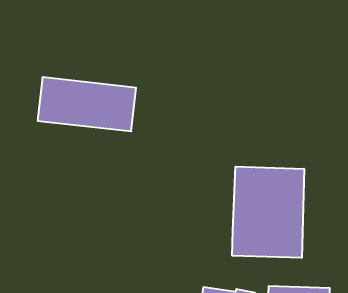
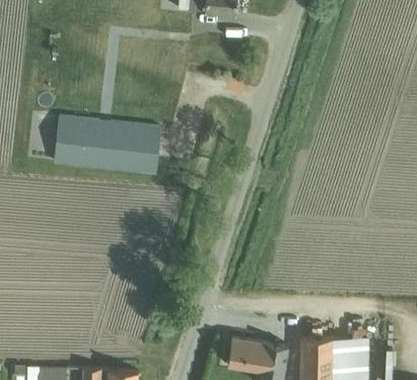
building: [232,167,304,258] -> none

